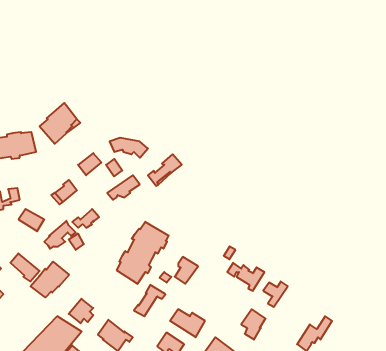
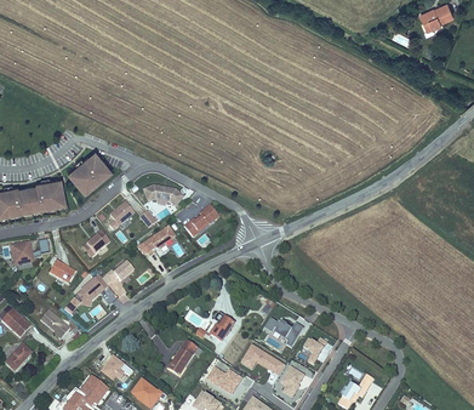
building: [117,222,169,284] -> none
building: [31,262,69,297] -> none
building: none -> [241,343,286,375]

